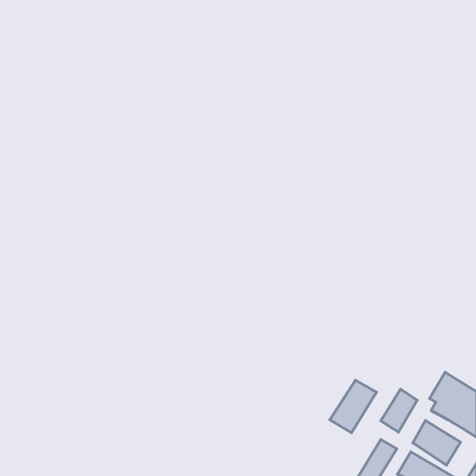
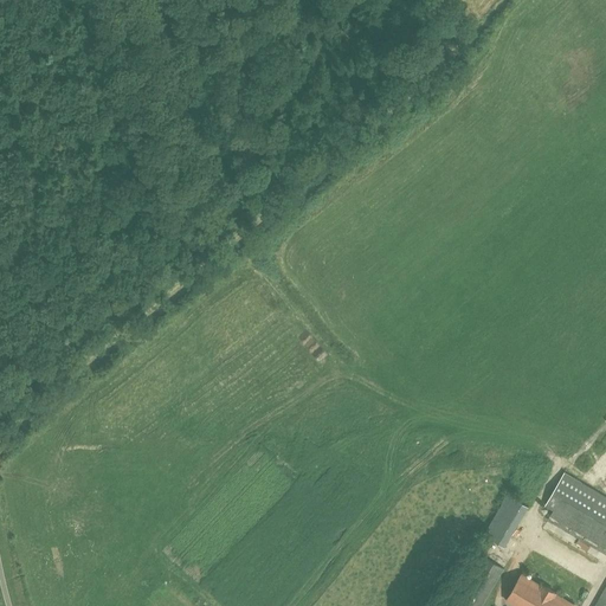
building: [330,380,377,433] -> none
building: [413,421,460,465] -> none

